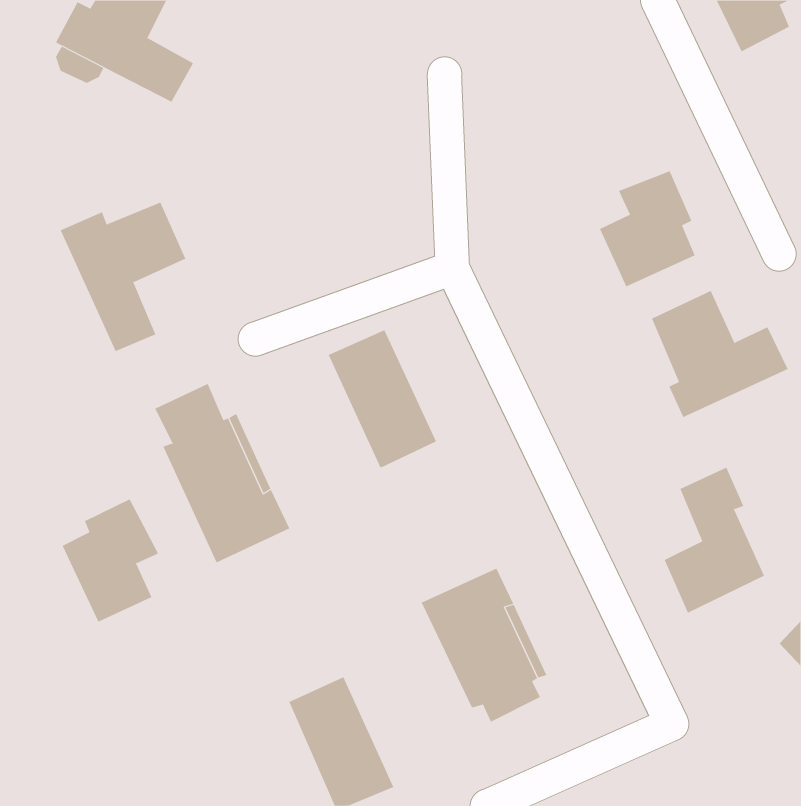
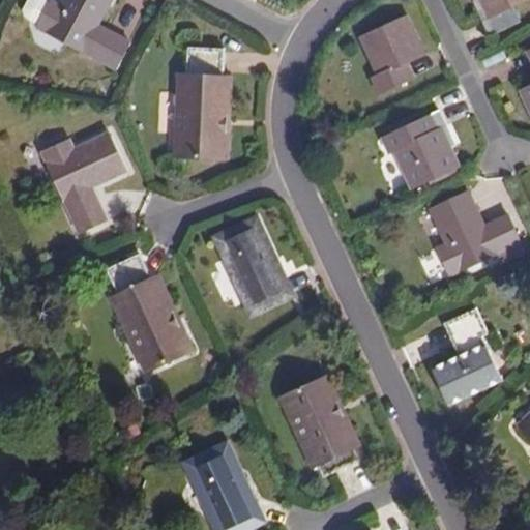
building: none -> [360,16,423,92]
building: none -> [174,46,227,157]
building: [62,498,159,622] -> none

